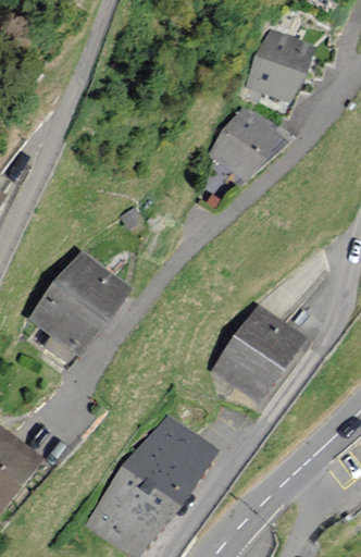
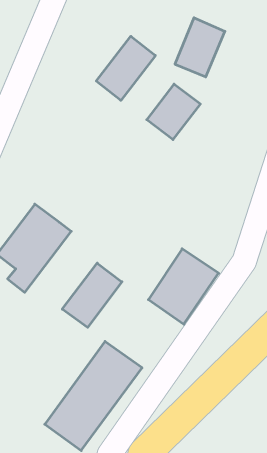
building: none -> [96,36,155,100]
building: none -> [62,263,122,327]

